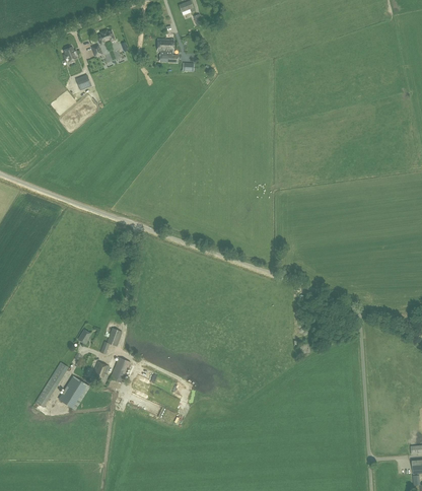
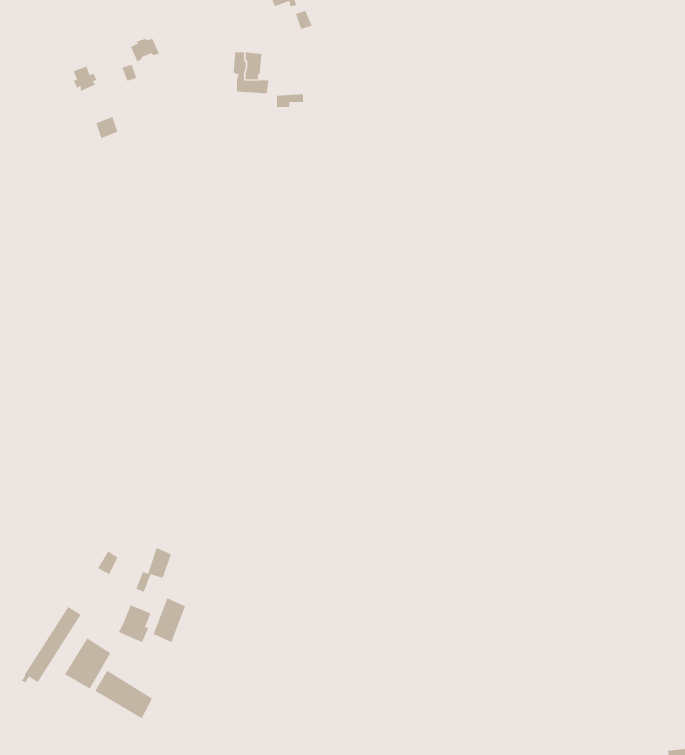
building: none -> [95,670,153,719]

